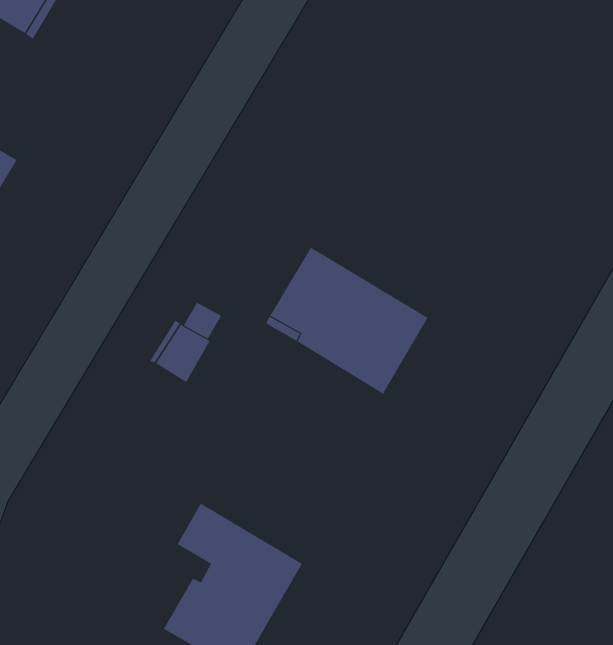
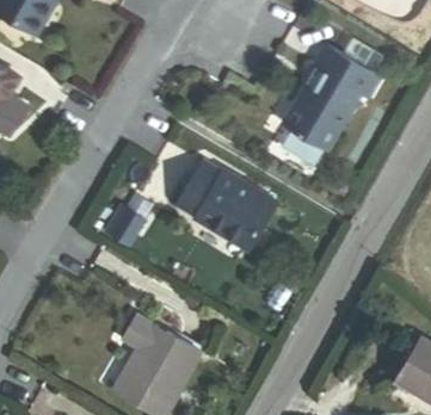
building: none -> [284,45,382,150]

